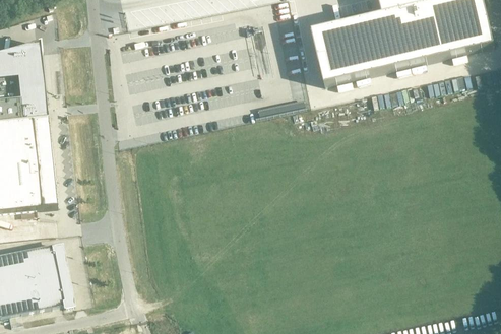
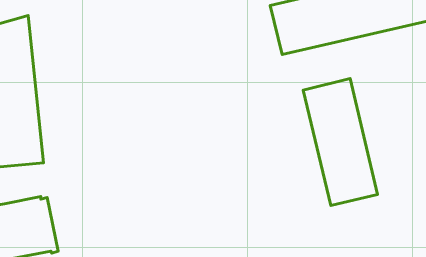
building: none -> [303,79,378,205]

